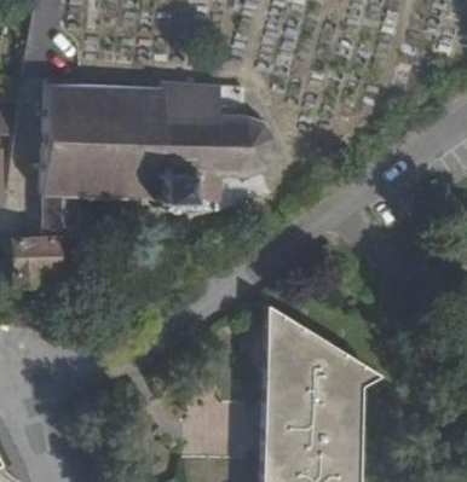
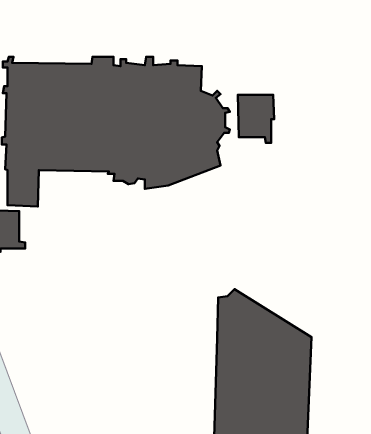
building: none -> [238,95,274,143]

